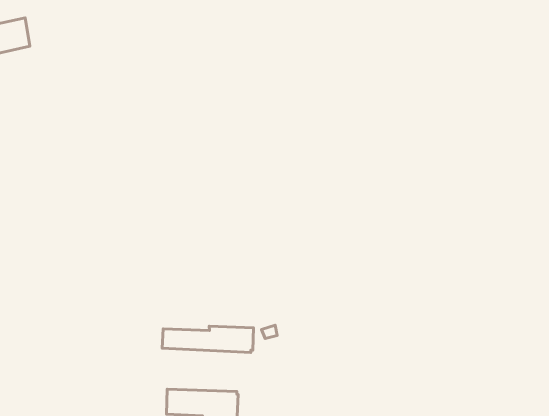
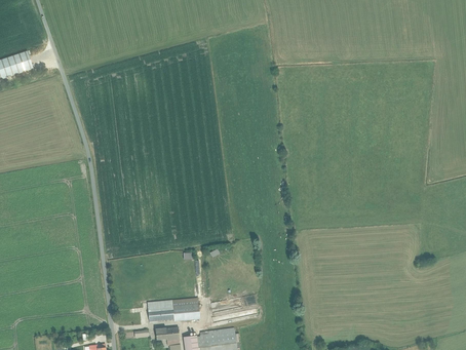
building: [162,326,254,352] -> none

